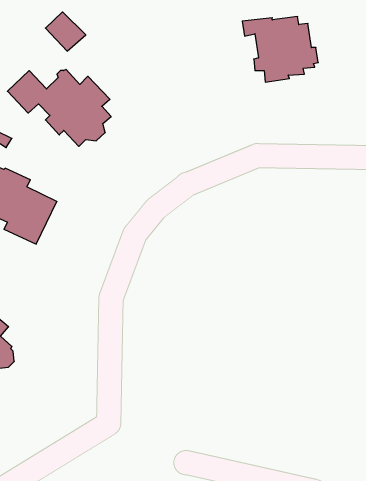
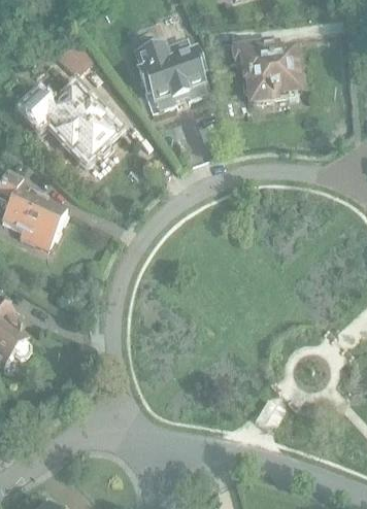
building: none -> [132,39,207,103]

